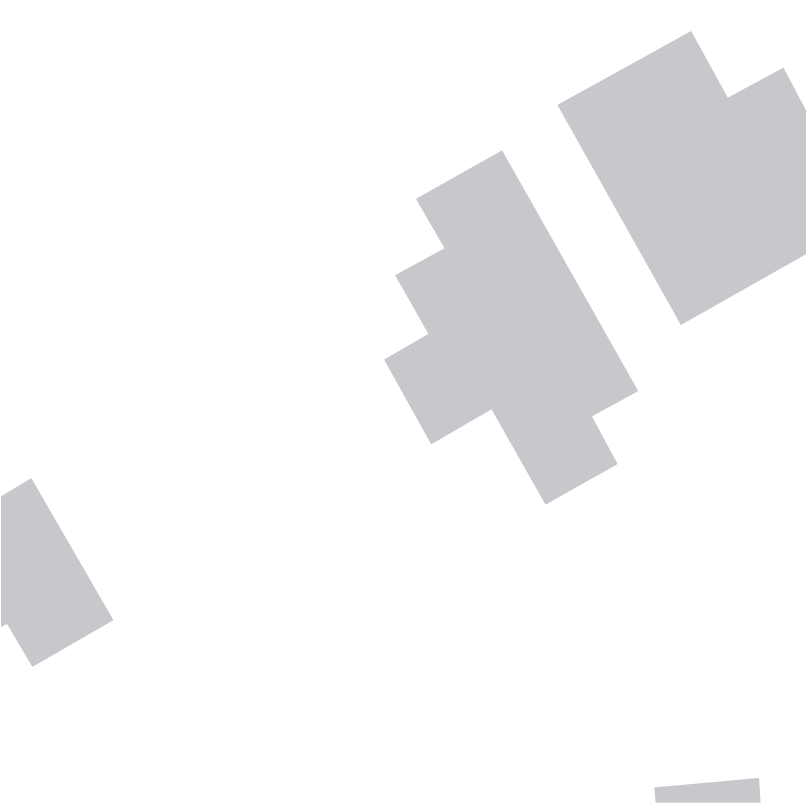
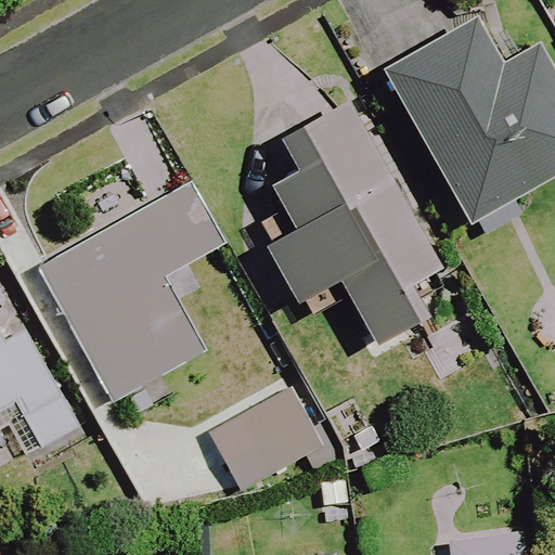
building: none -> [39,184,224,401]
building: none -> [210,386,323,488]

